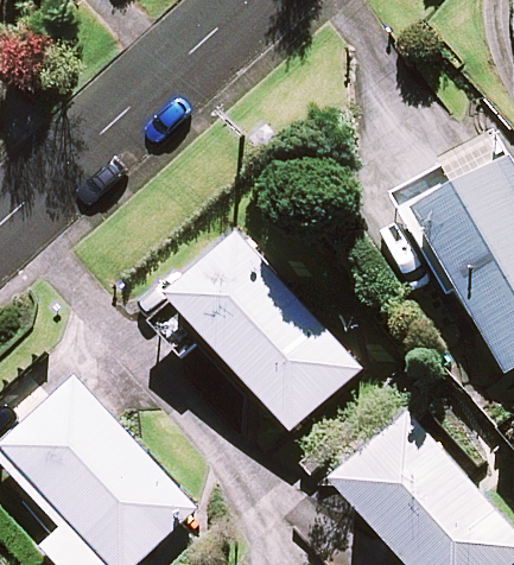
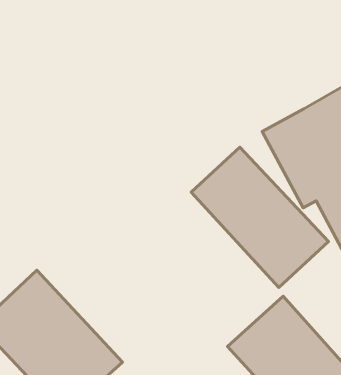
building: [171,237,358,430] -> [191,147,328,288]

